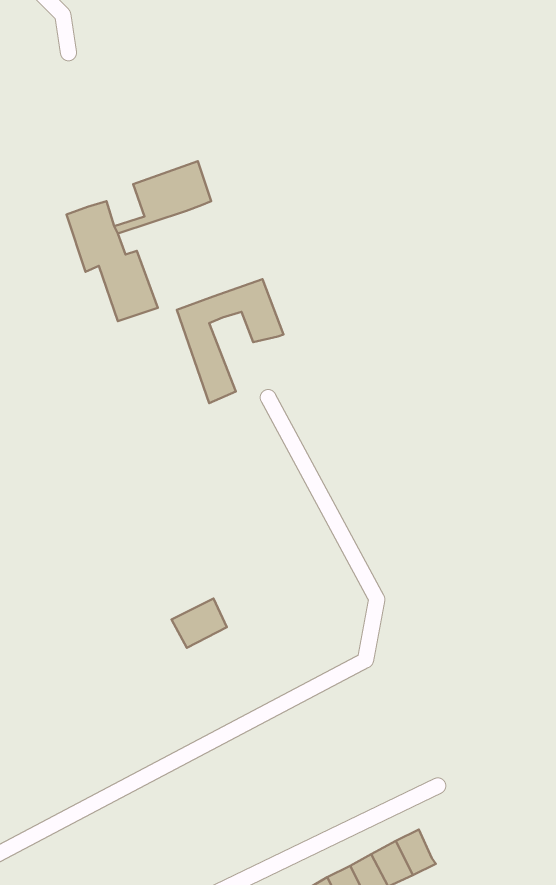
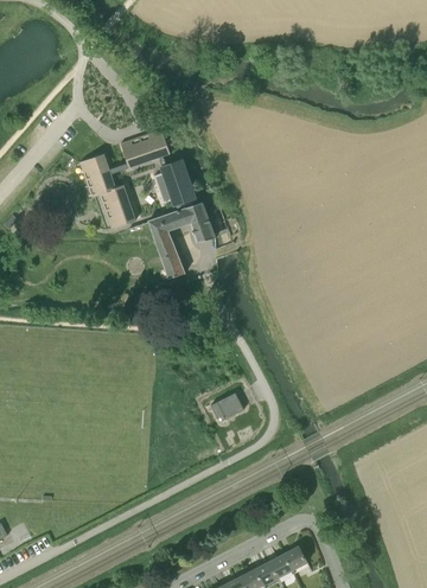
building: none -> [149,156,196,213]
building: [172,598,227,648] -> [210,392,244,423]

